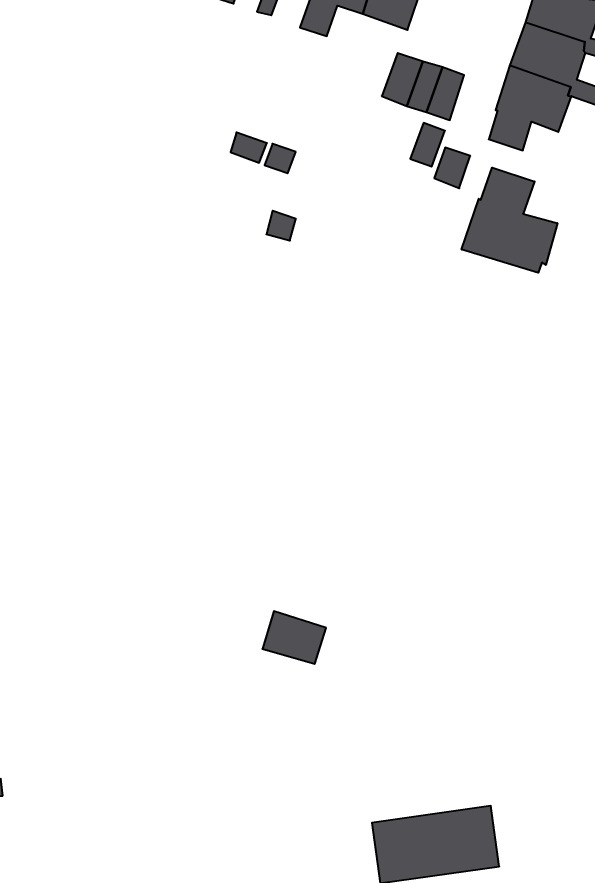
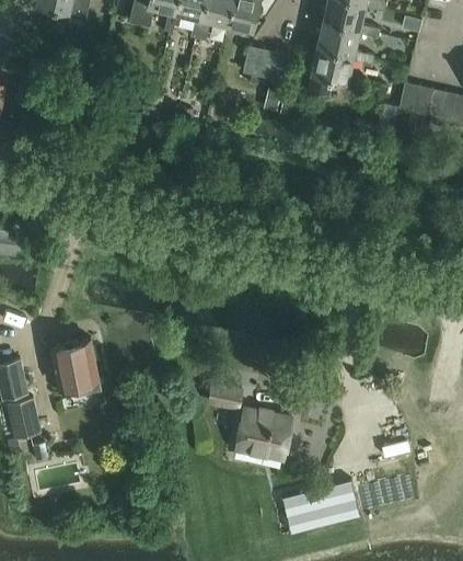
building: [462,168,557,273] -> none
building: none -> [51,340,101,393]
building: none -> [234,405,294,461]

